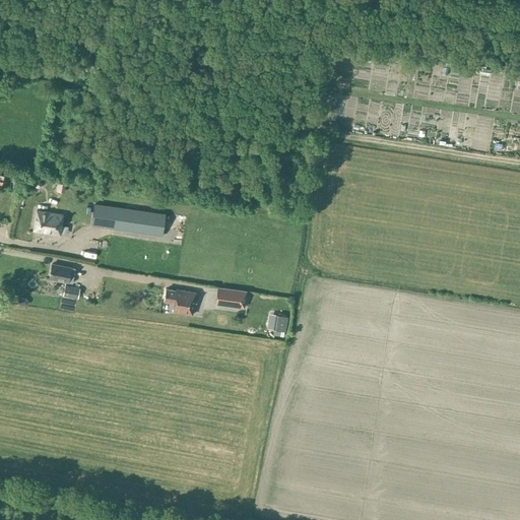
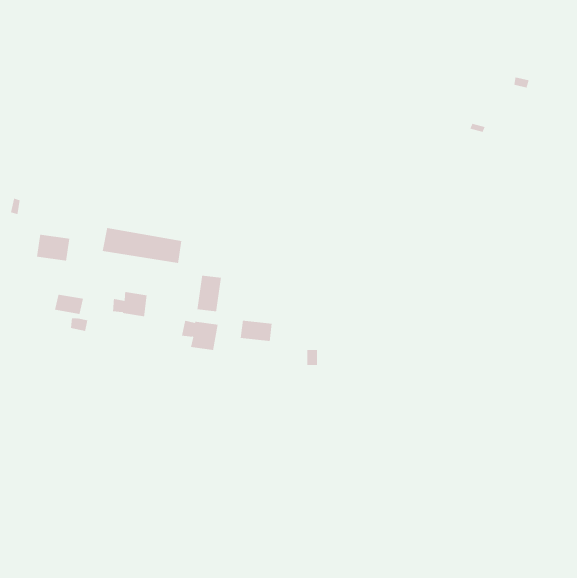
building: none -> [197,275,222,312]
building: none -> [112,291,147,317]

